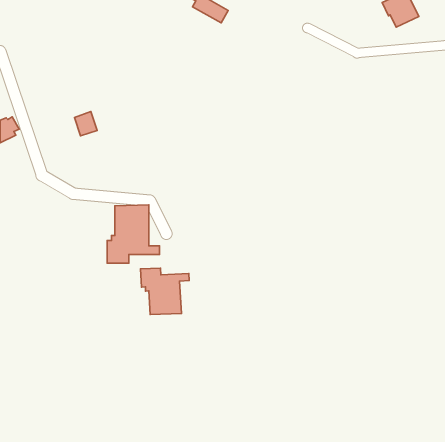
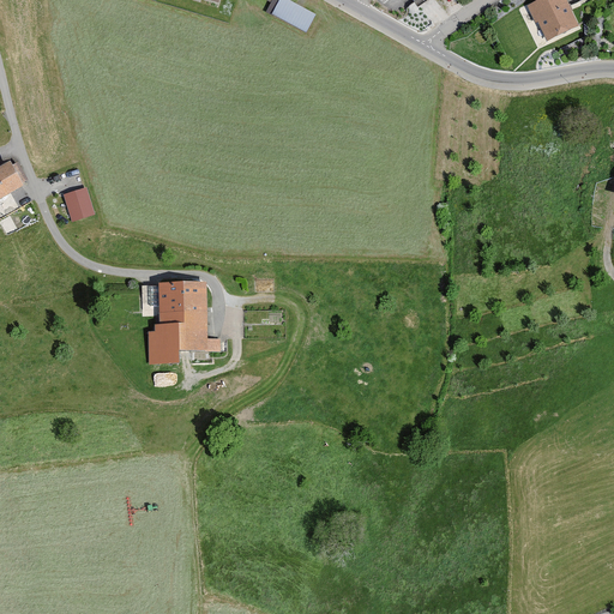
building: [74,111,97,136] -> [62,186,94,219]
building: [140,268,189,314] -> none

